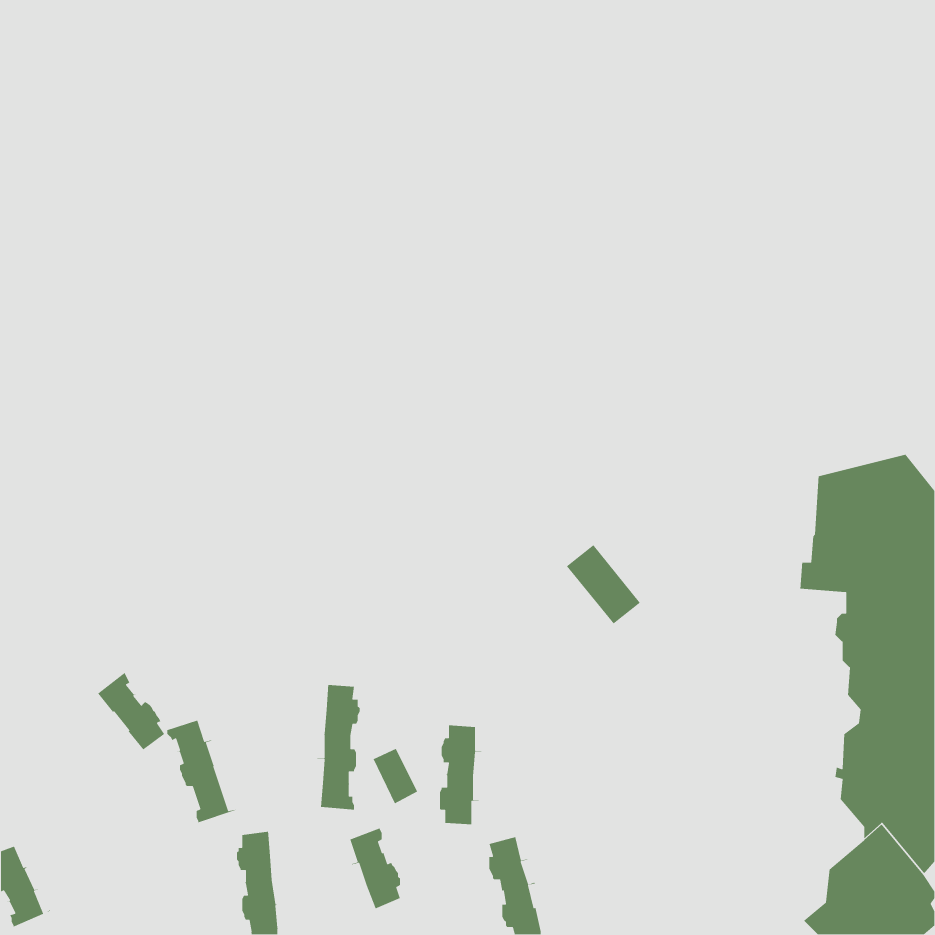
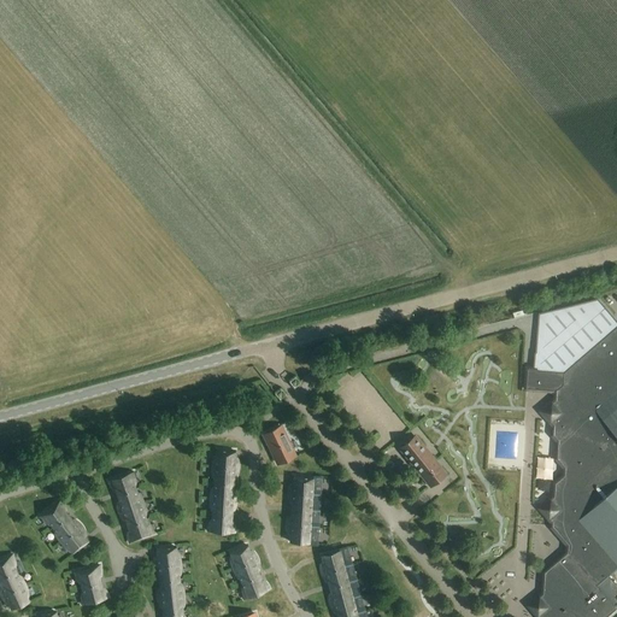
building: [566,544,641,625] -> [398,435,447,488]
building: [92,672,165,751] -> [39,501,87,553]
building: [372,748,418,805] -> [264,427,294,464]
building: none -> [72,565,107,605]

